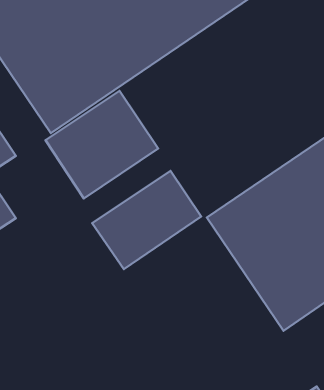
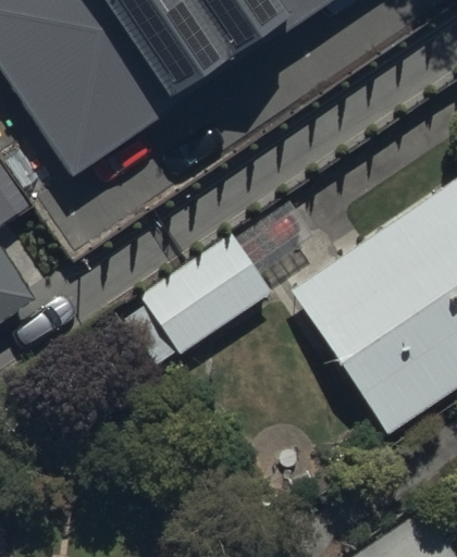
building: [45,91,158,199] -> none

